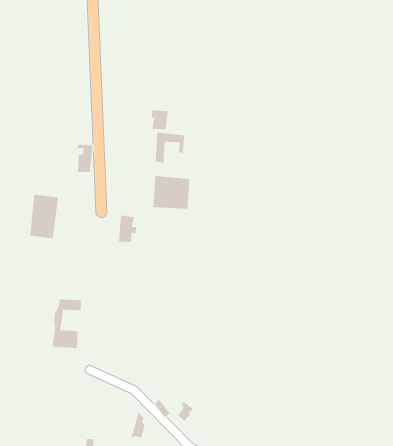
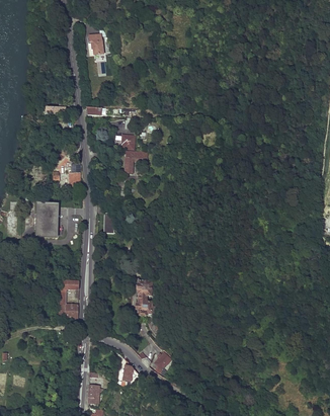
building: [153,175,190,209] -> none
building: none -> [138,278,156,314]

